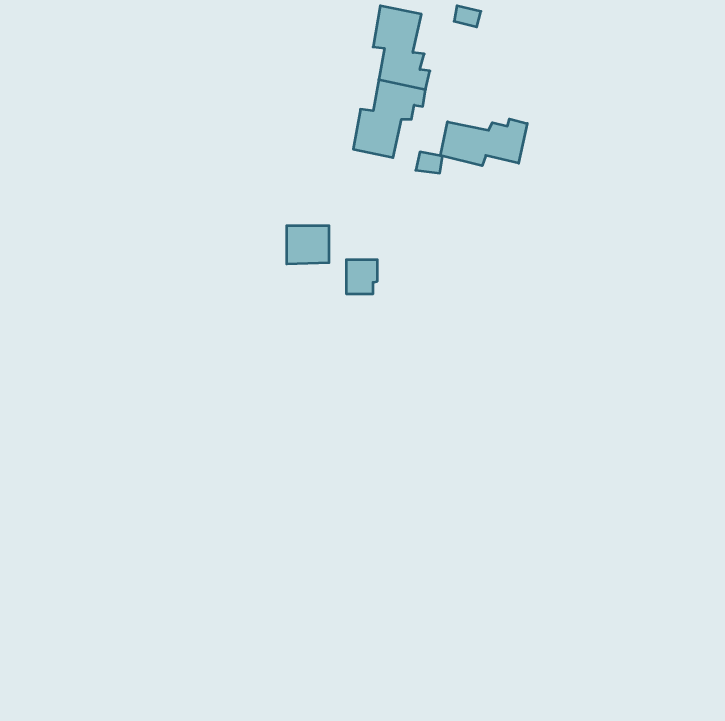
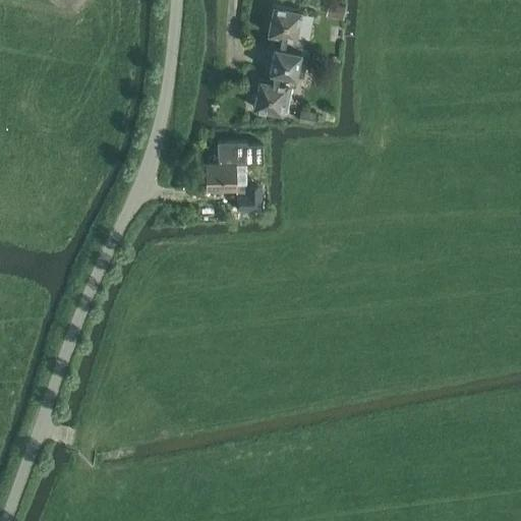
building: [440,119,527,166] -> none
building: none -> [218,143,263,165]

